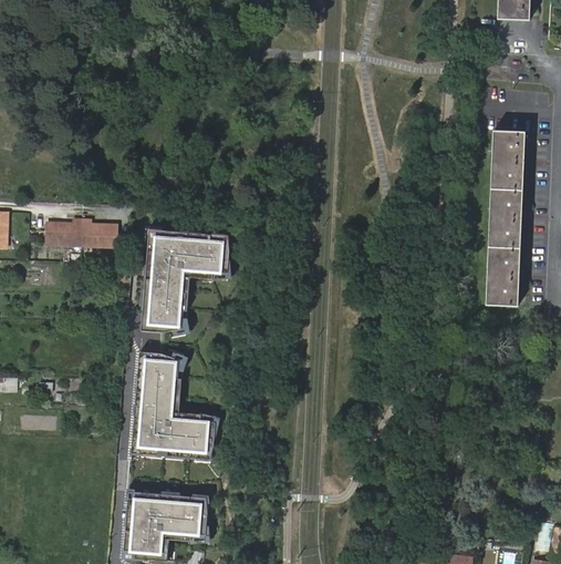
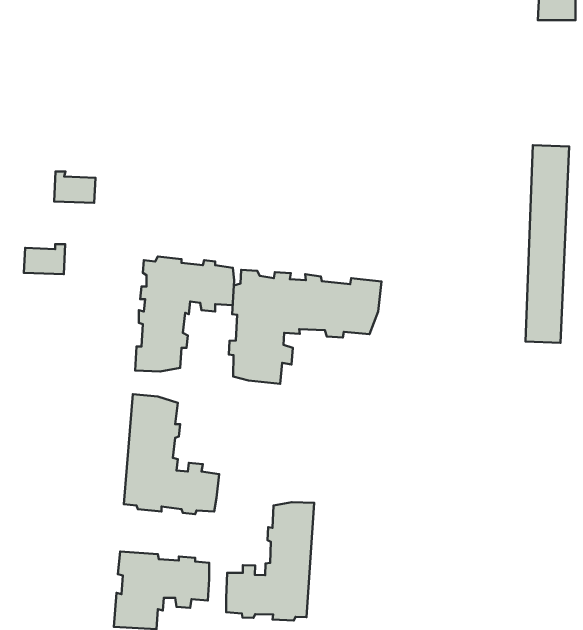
building: [79,218,115,246] -> [54,172,95,203]
building: none -> [229,270,381,384]
building: none -> [226,502,314,620]

